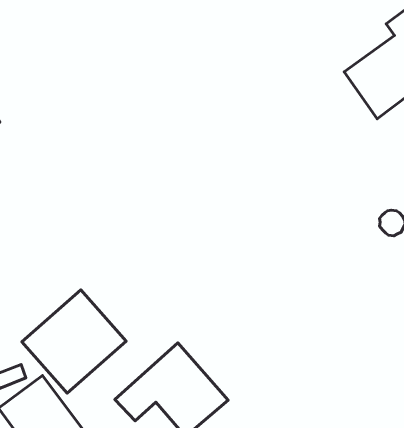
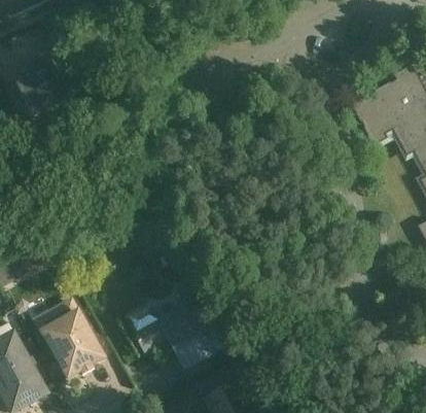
building: [22,290,126,393] -> none

